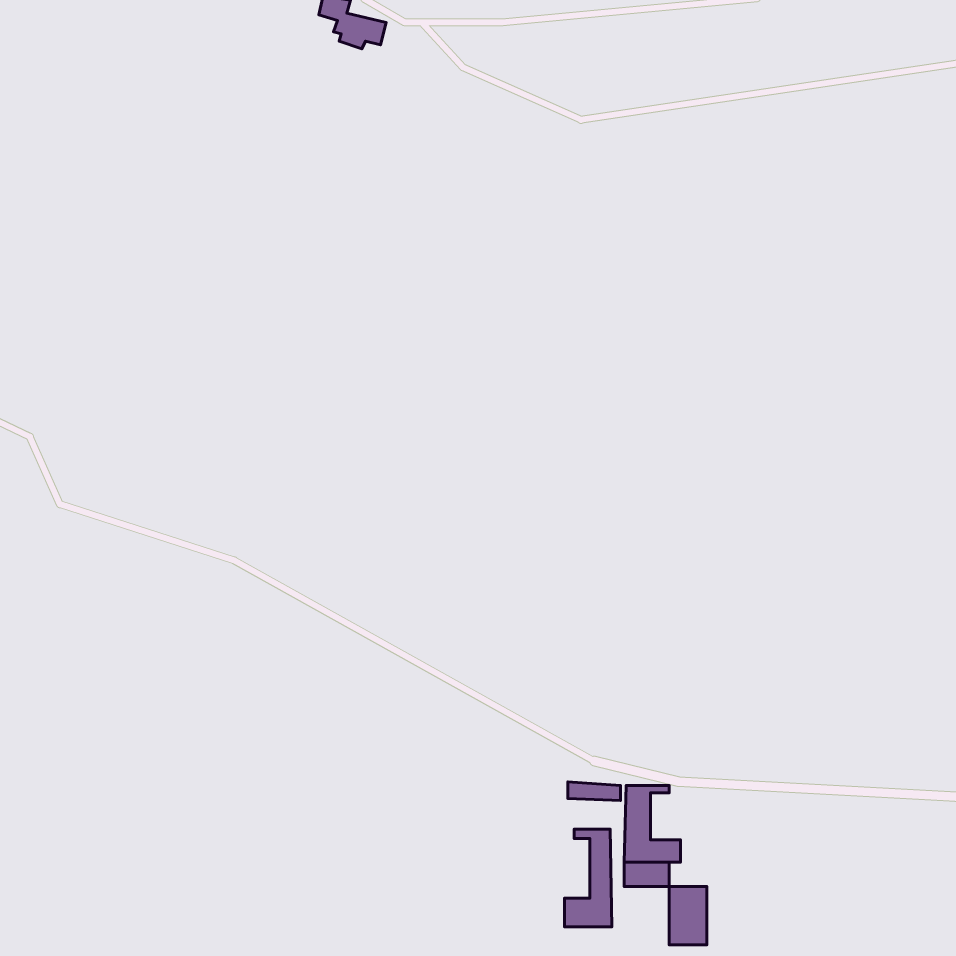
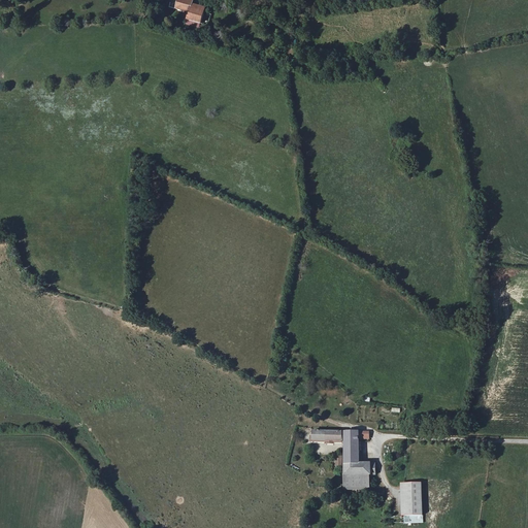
building: [565,829,612,927] -> none
building: [669,887,707,945] -> [400,481,421,513]

